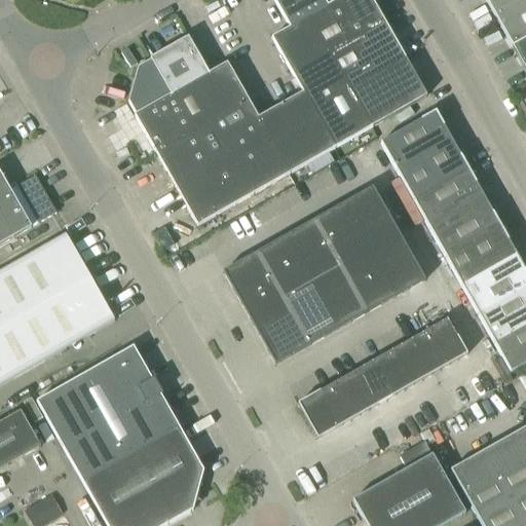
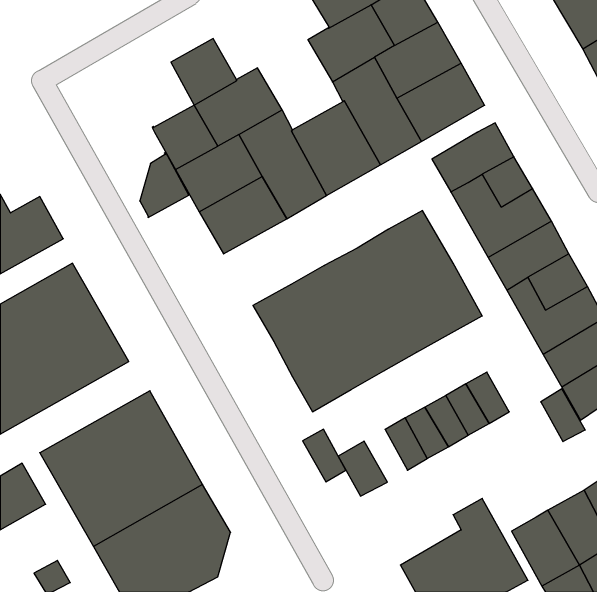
building: [128,54,172,112] -> [140,152,189,217]
building: [428,315,467,362] -> [541,389,585,442]
building: [321,377,359,423] -> [303,429,346,482]

